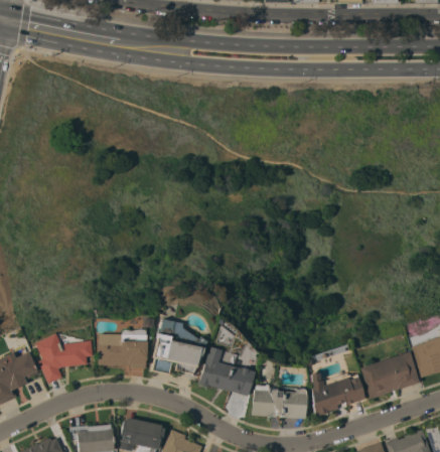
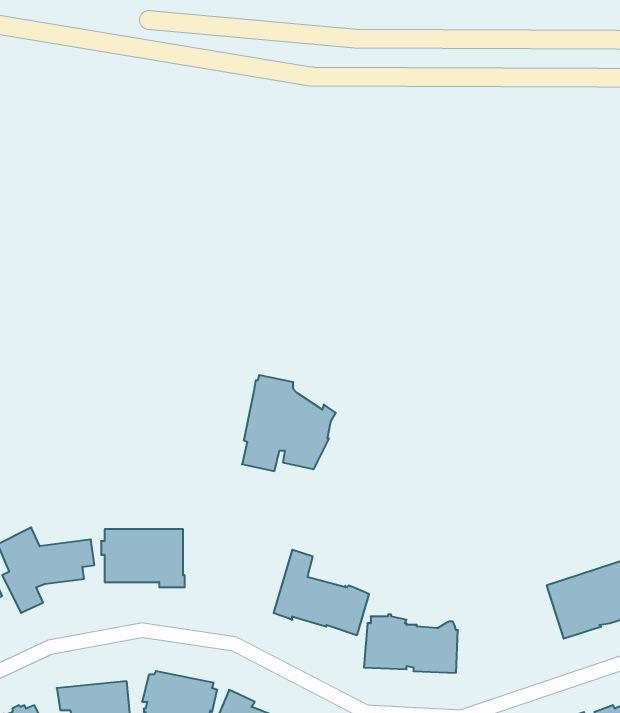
building: [151,318,206,374] -> [242,375,336,471]
building: [311,372,365,416] -> none

